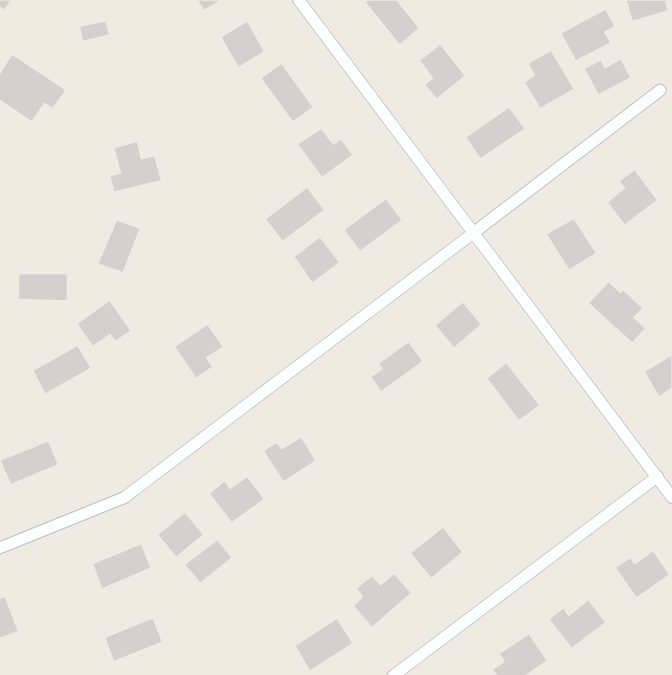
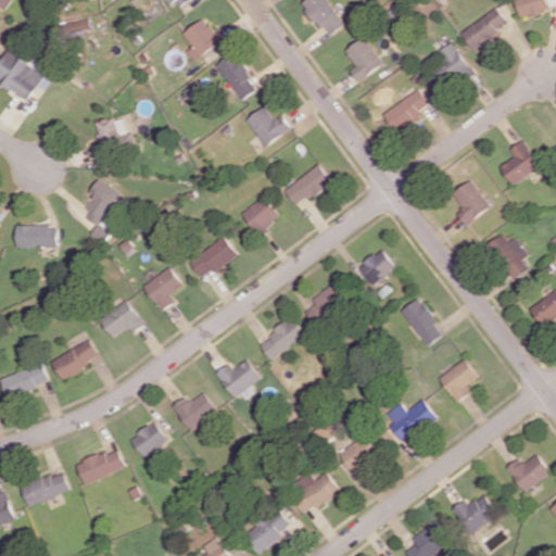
building: [584,59,630,95] -> none
building: [265,187,325,242] -> [188,236,237,280]
building: [77,300,131,347] -> [100,300,144,338]
building: [33,345,91,394] -> [51,340,99,380]
building: none -> [257,317,304,361]
building: none -> [438,358,478,403]
building: none -> [382,399,435,441]
building: [184,539,232,583] -> none
building: [104,618,163,662] -> [21,470,68,506]

